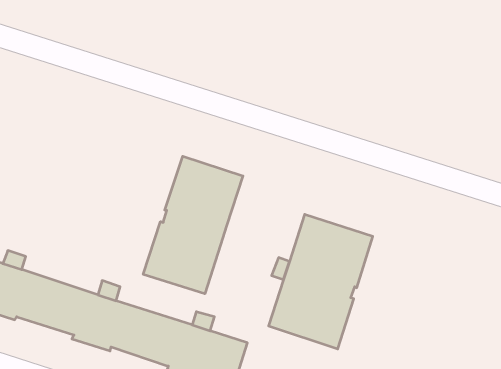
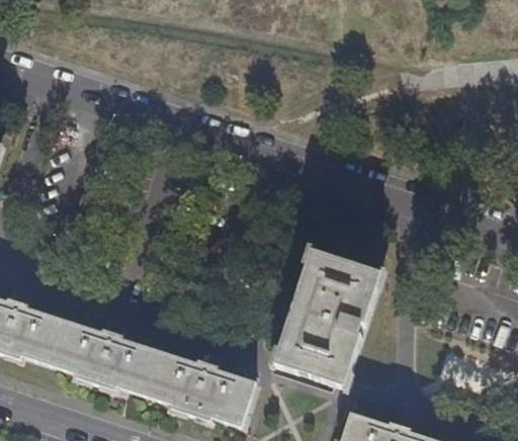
building: [143,156,243,294] -> none

